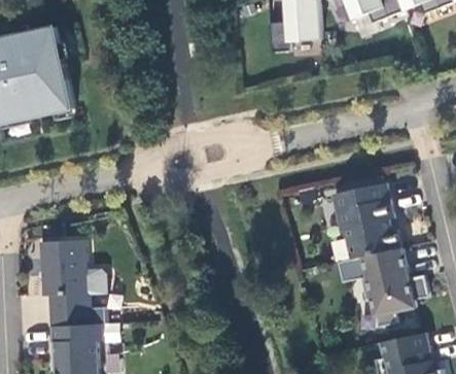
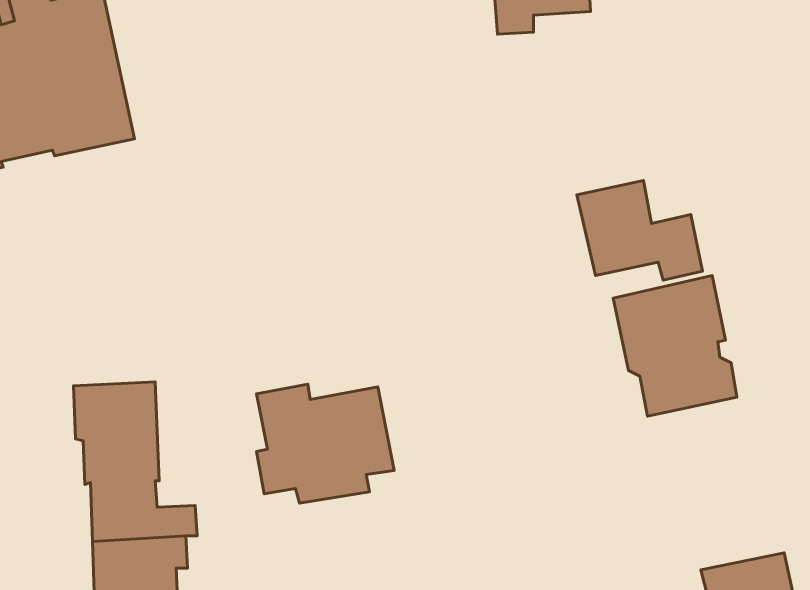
building: none -> [577,180,703,280]
building: none -> [257,384,394,503]
building: [360,247,429,327] -> none

